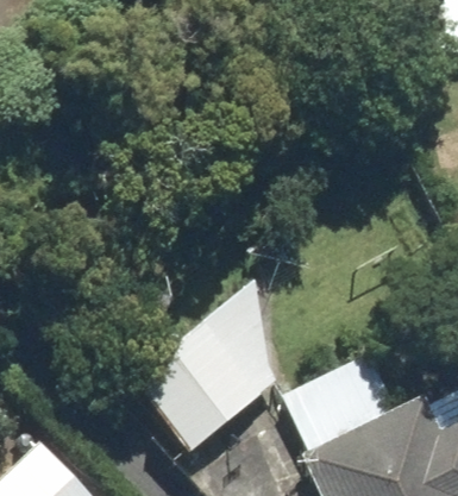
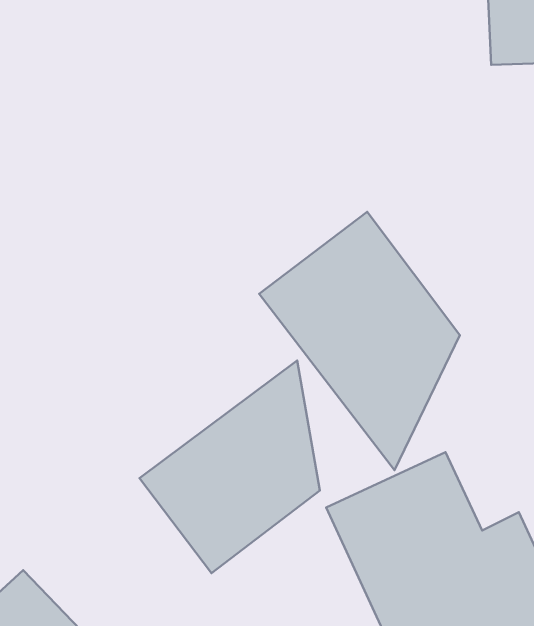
building: none -> [259,212,460,470]

